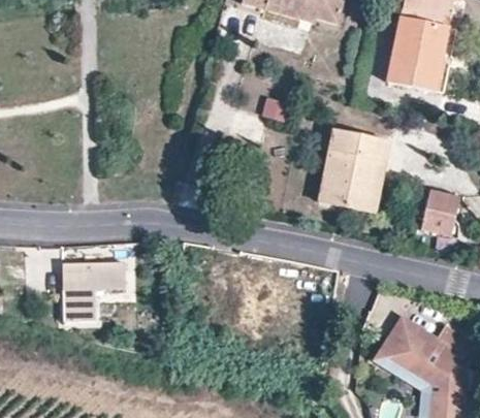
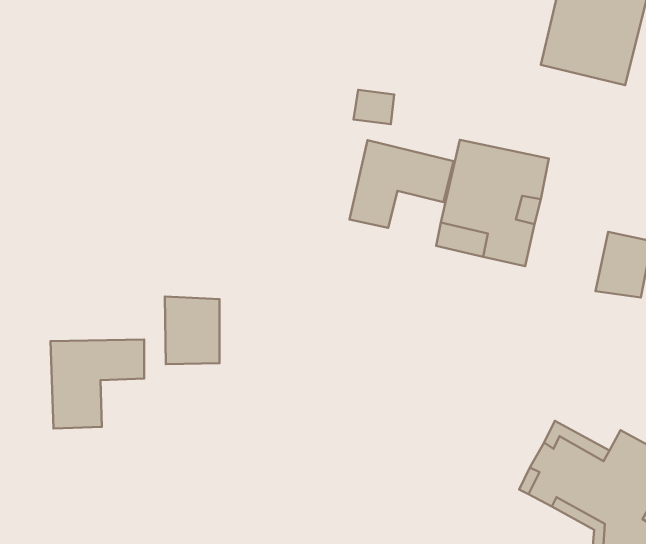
building: none -> [349,140,454,228]
building: none -> [165,296,220,364]

